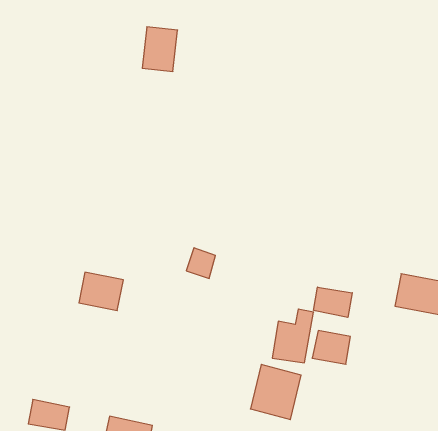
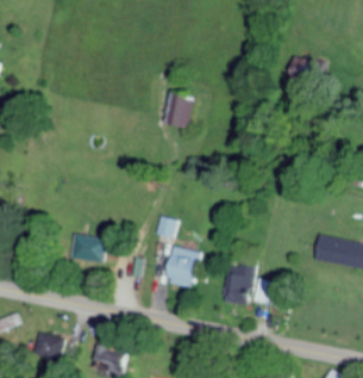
building: [142,27,178,71] -> [167,92,194,126]
building: [314,287,352,317] -> none
building: [250,364,301,420] -> [163,246,202,289]

